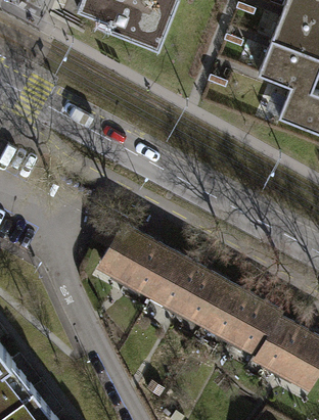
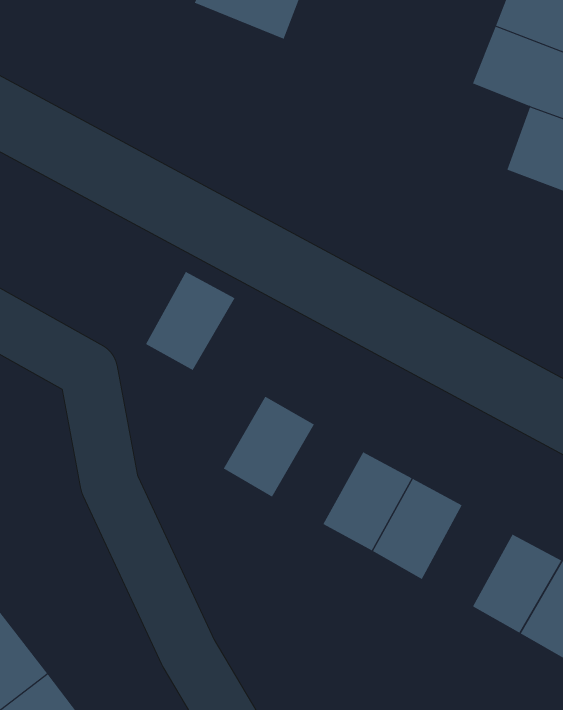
building: [98,227,146,280] -> [145,271,235,371]
building: [150,256,198,310] -> none
building: [230,299,278,354] -> none

